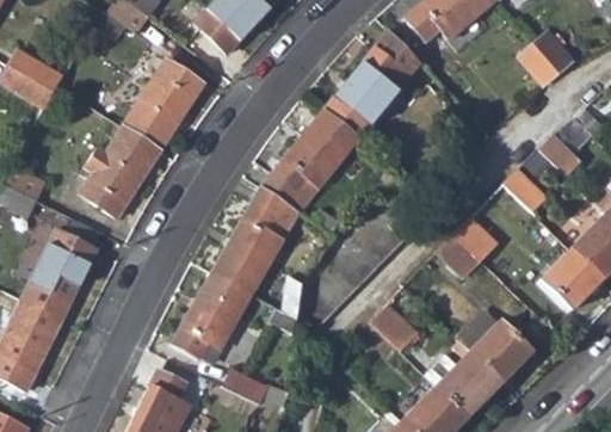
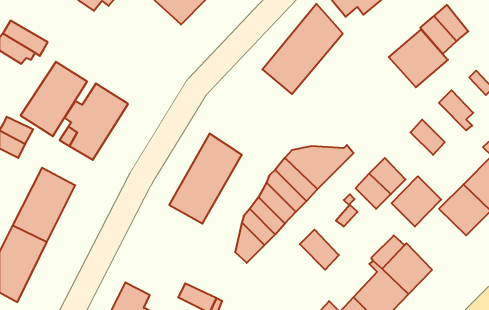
building: [122,60,203,150] -> [21,62,87,136]
building: none -> [389,29,448,87]
building: [260,109,360,212] -> none
building: none -> [392,176,441,227]
building: [171,273,252,364] -> none

